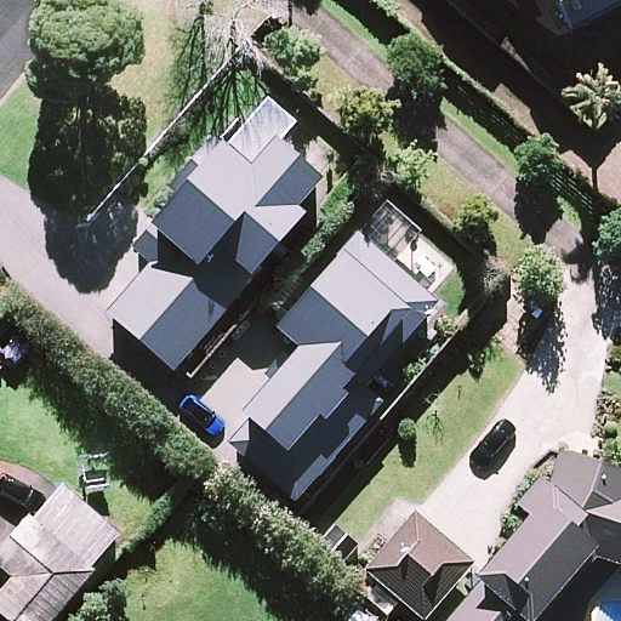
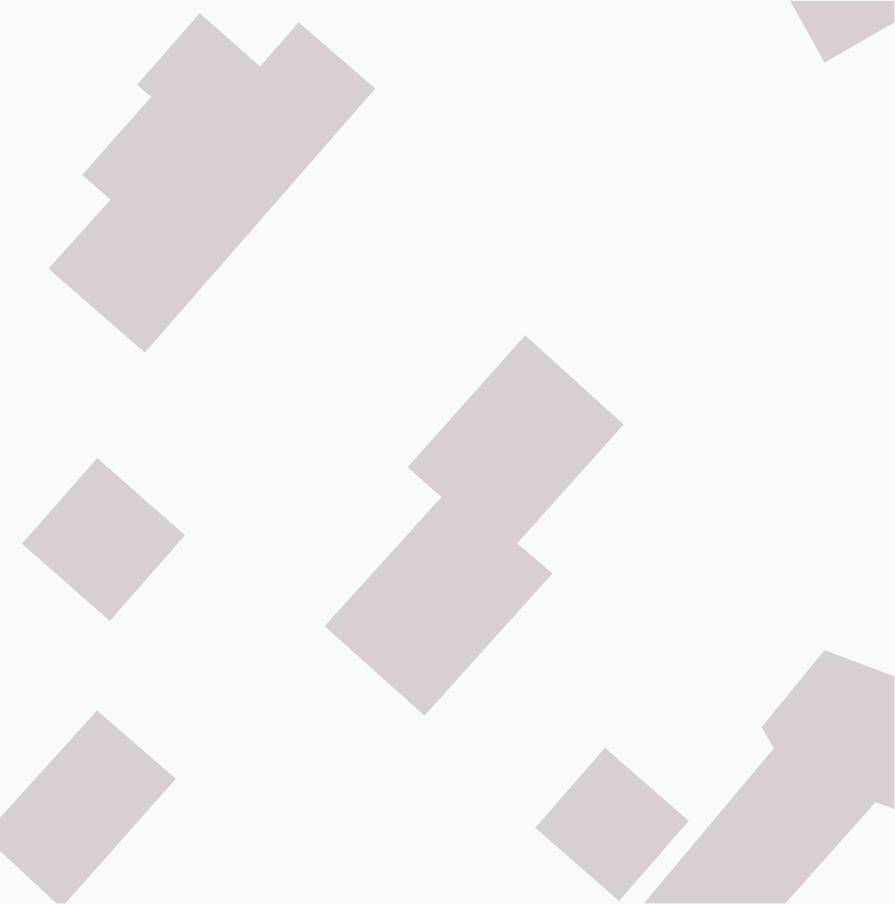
building: [108,131,334,365] -> [47,12,376,354]
building: none -> [21,457,186,622]

